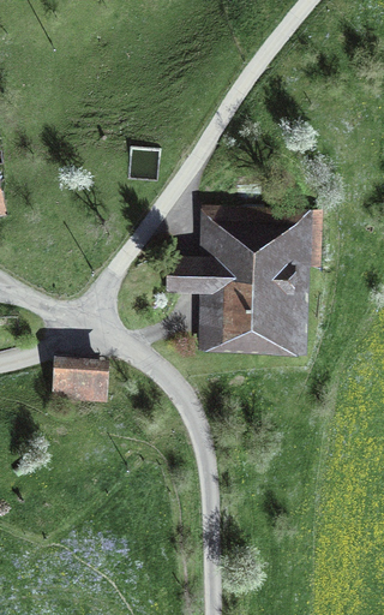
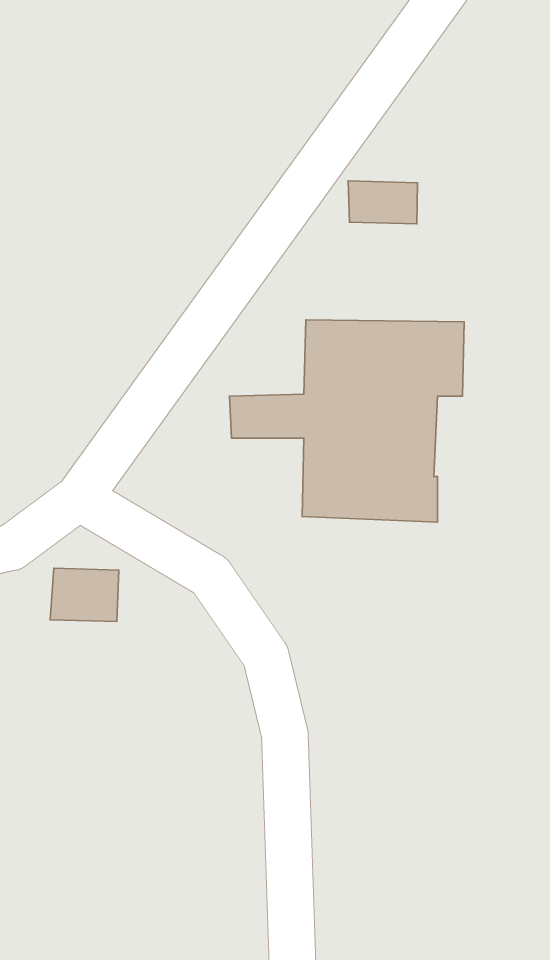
building: none -> [348,181,418,224]

